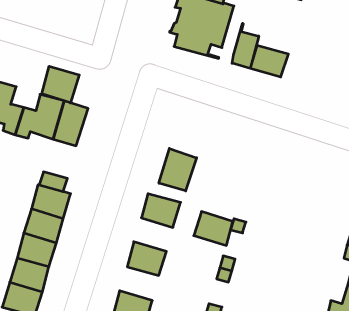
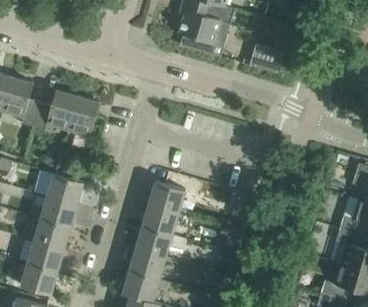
building: [232,23,259,68] -> none
building: [42,66,79,103] -> none
building: [159,148,197,191] -> none
building: [194,212,233,245] -> [142,203,178,235]
building: none -> [129,249,165,280]

